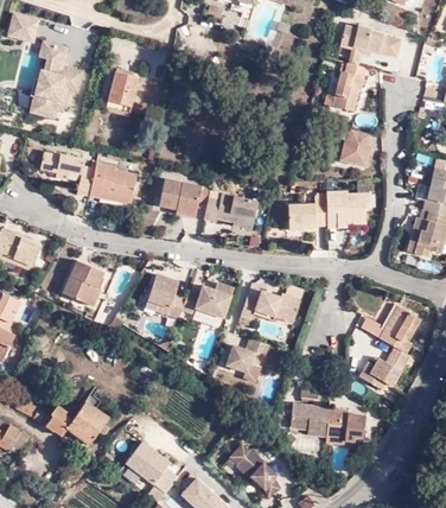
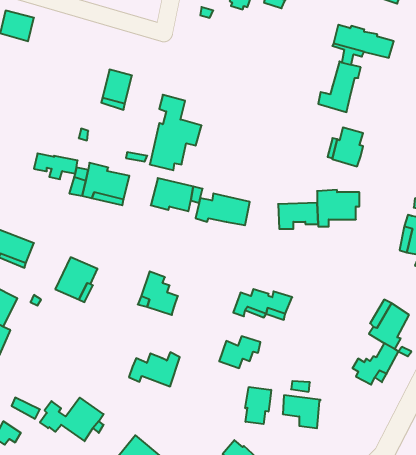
building: [32,42,84,118] -> [150,95,202,170]
building: [180,285,231,319] -> [129,352,180,386]
building: none -> [245,387,271,424]
building: [324,405,363,438] -> none

